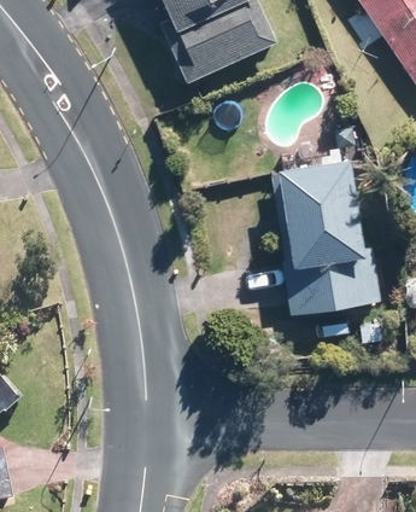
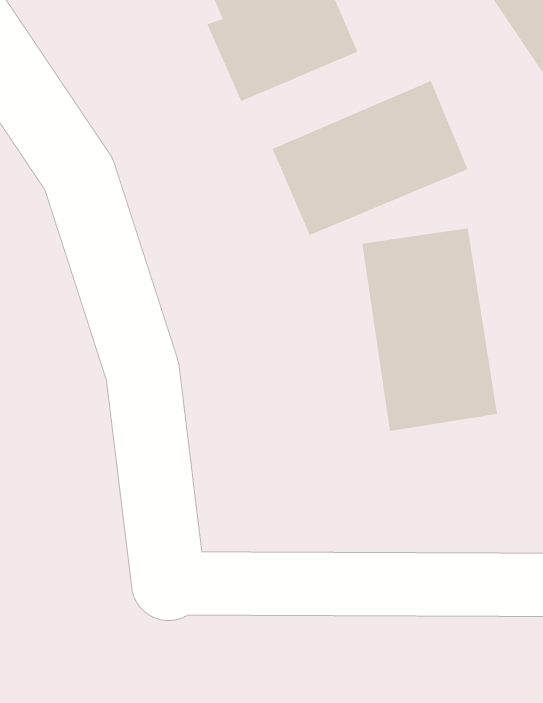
building: none -> [272,80,468,236]

